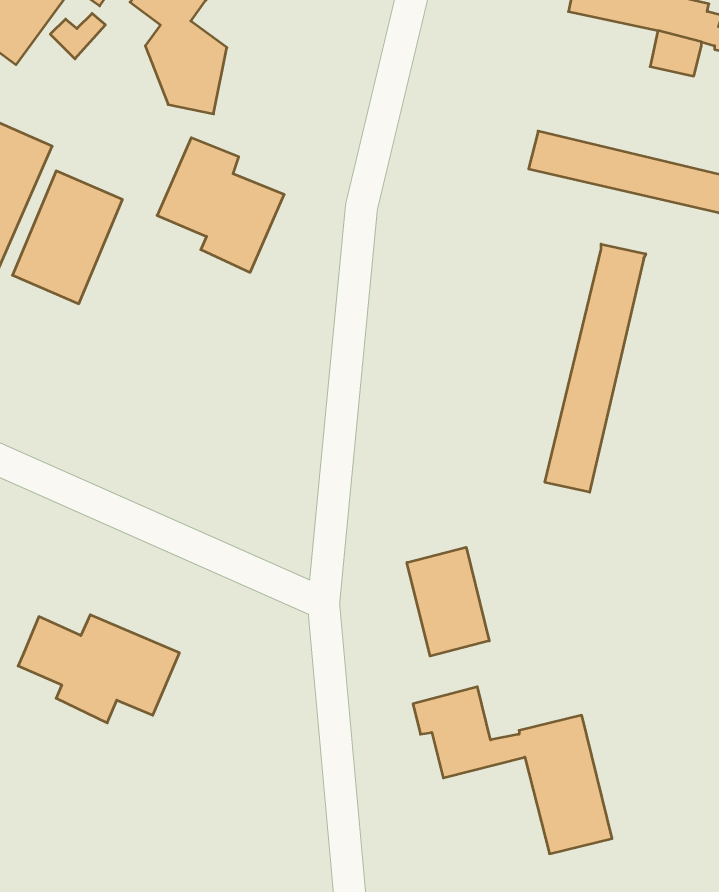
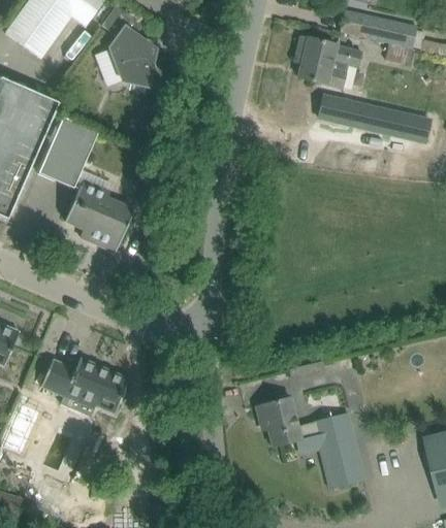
building: none -> [294,30,359,85]
building: [157,138,284,272] -> [64,177,133,251]
building: [545,244,646,492] -> none
building: [407,547,489,656] -> none

